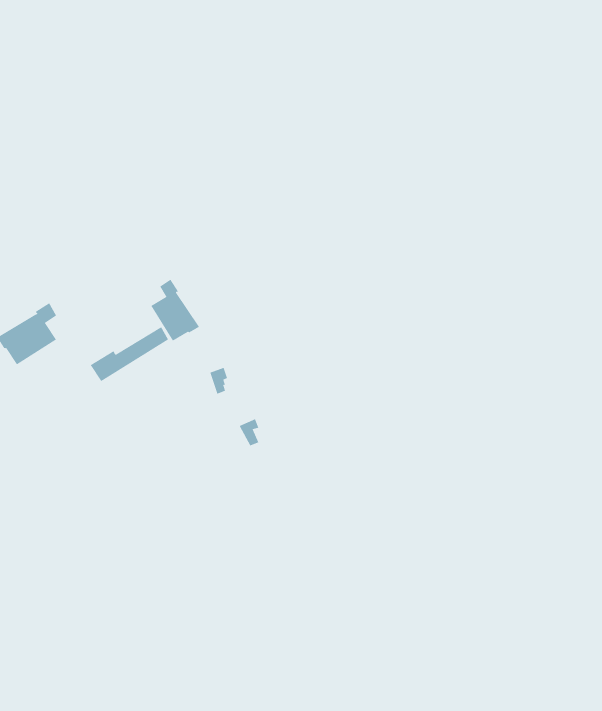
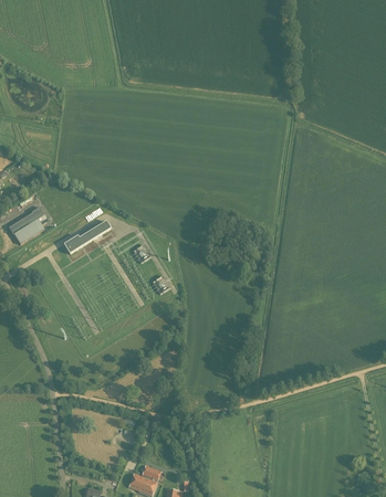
building: [150,279,200,342] -> none

